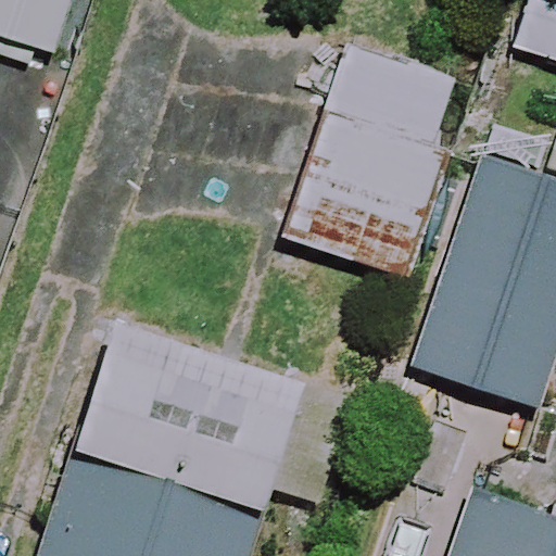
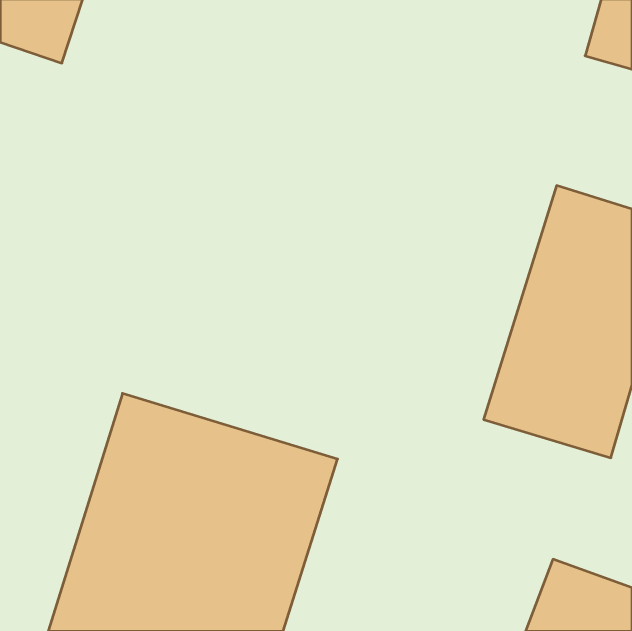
building: [290,42,456,273] -> none

